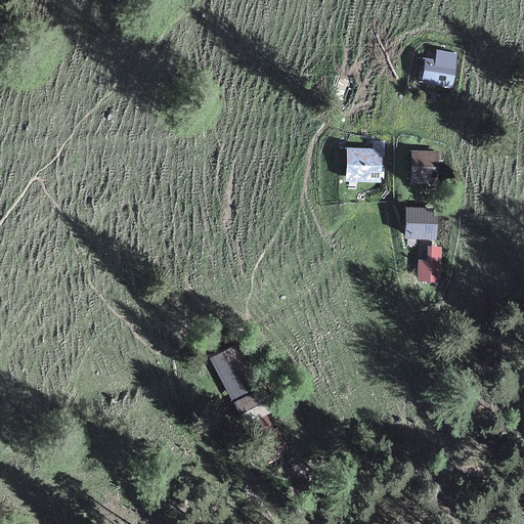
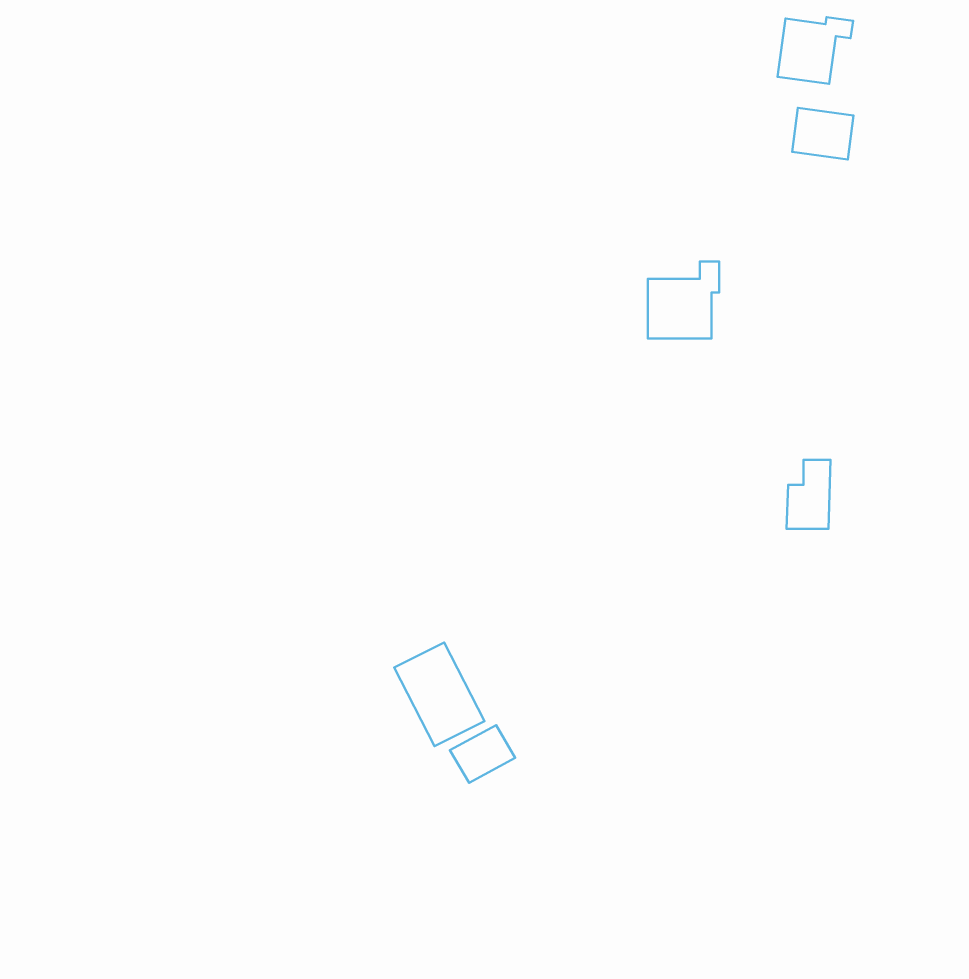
building: none -> [778,17,853,84]
building: [410,149,439,181] -> none
building: [405,207,435,239] -> none

